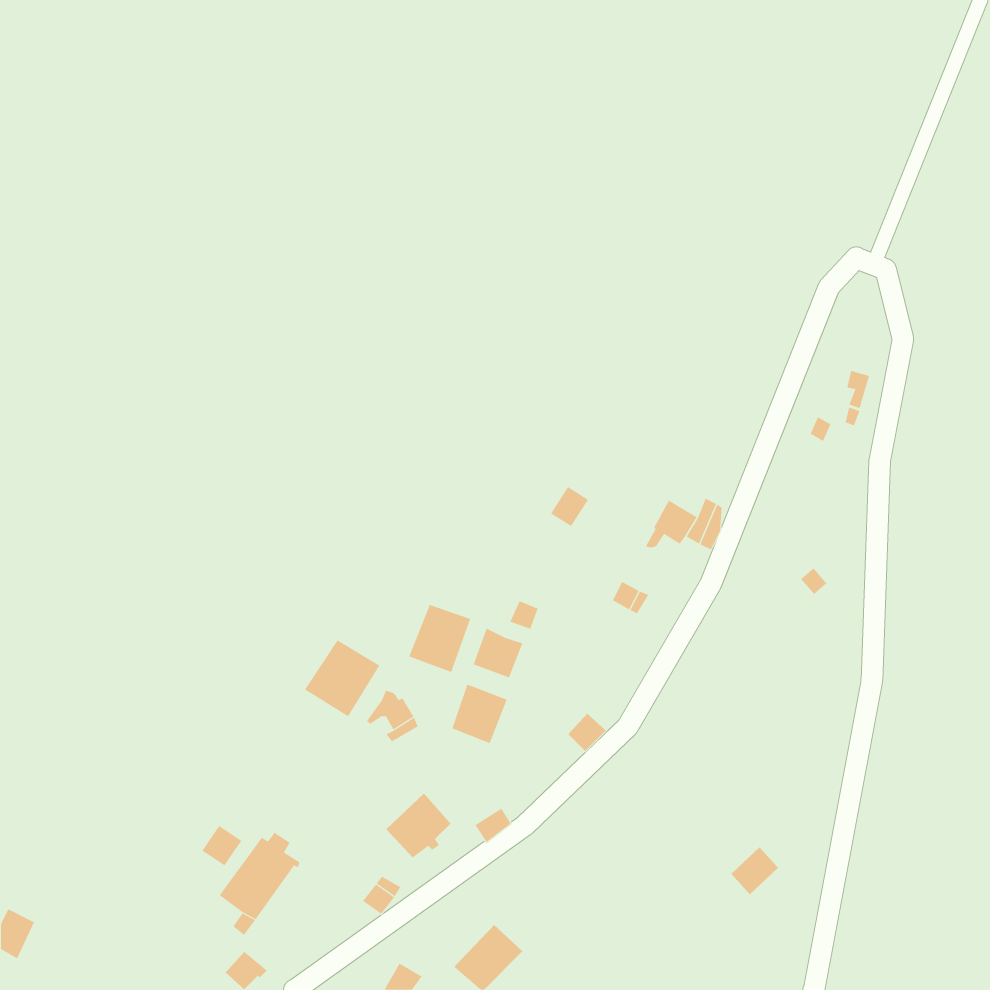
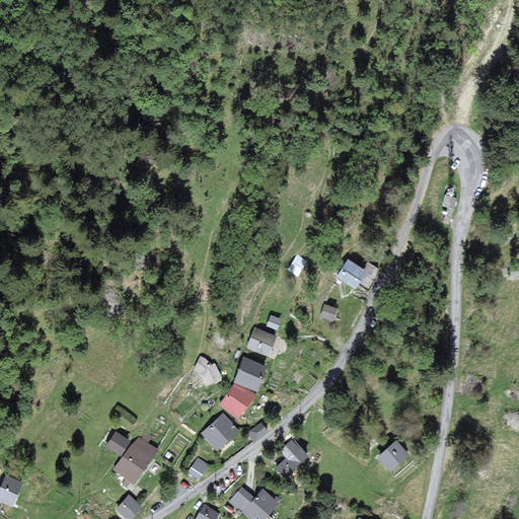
building: [408,604,471,673] -> none
building: [304,639,380,717] -> none
building: none -> [221,383,254,418]
building: none -> [277,442,306,475]

